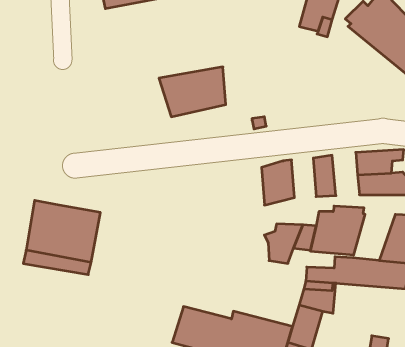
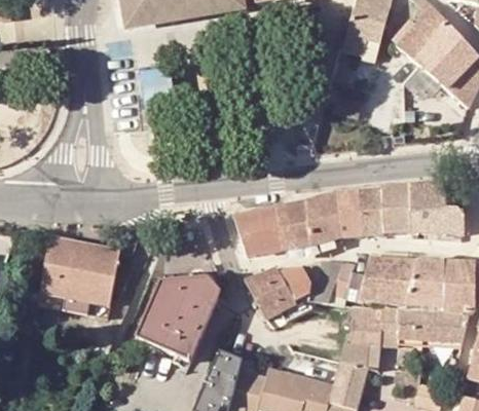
building: [159,67,226,117] -> [233,201,306,256]
building: none -> [380,185,410,232]
building: none -> [336,191,363,234]
building: none -> [403,253,449,303]
building: none -> [244,267,314,332]
building: none -> [136,279,218,360]

